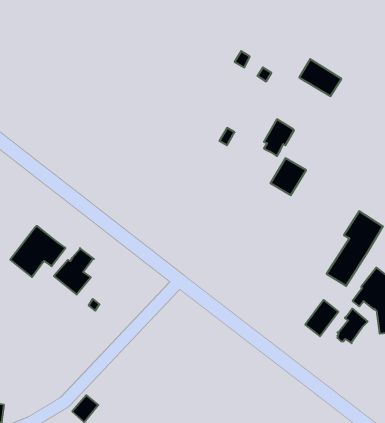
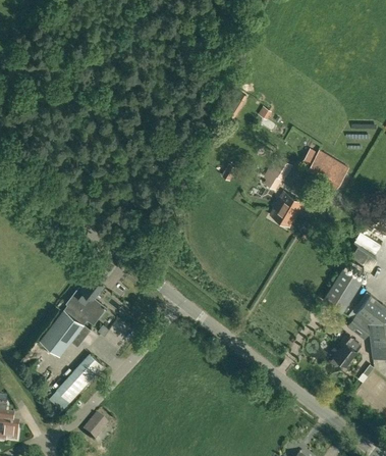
building: [299,59,341,96] -> [309,149,348,184]
building: [10,226,65,277] -> [39,308,91,356]
building: [305,300,338,336] -> none
building: none -> [57,353,103,401]

